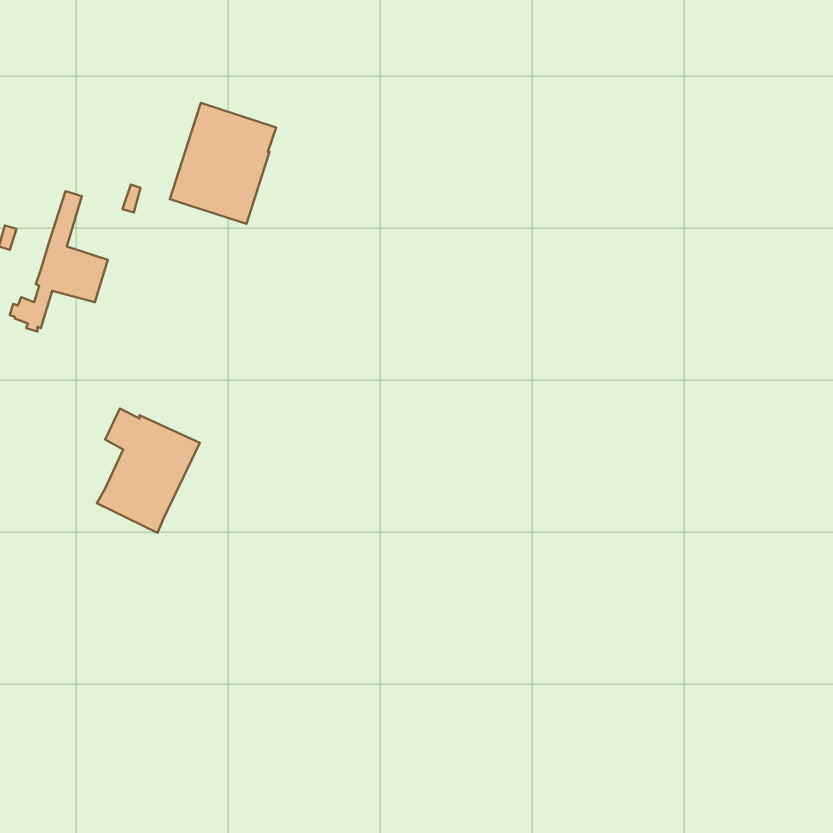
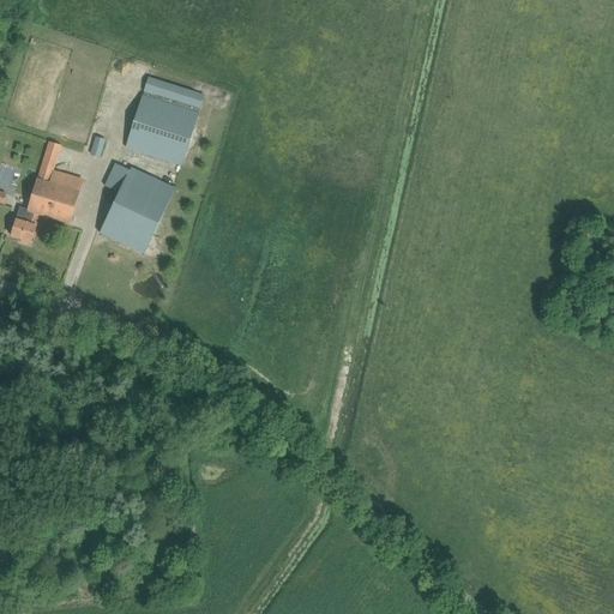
building: [97,409,200,533] -> [98,162,174,253]

